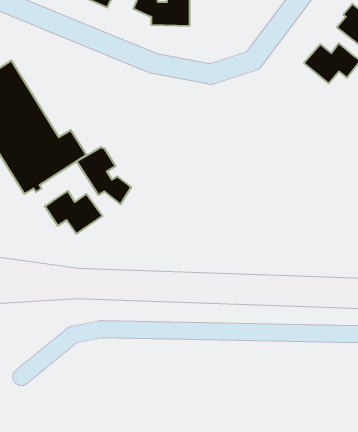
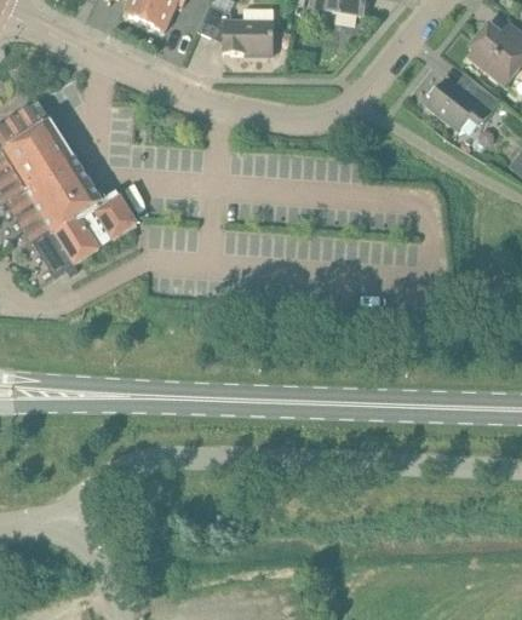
building: [77,147,131,204] -> none
building: [45,191,102,234] -> none

